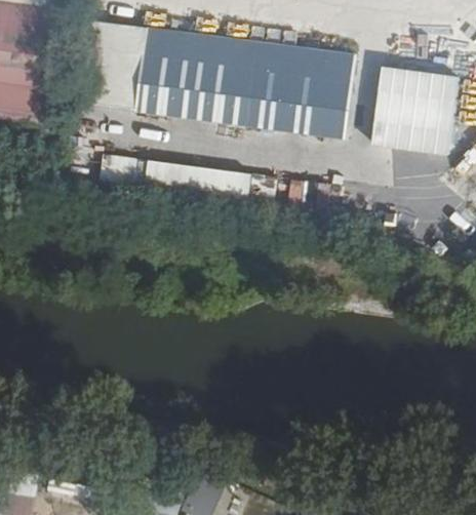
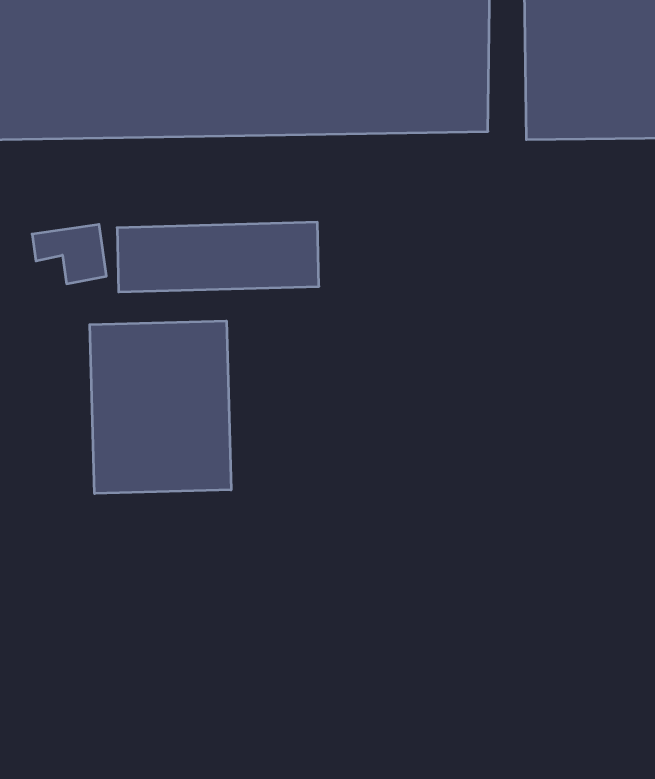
building: none -> [90,321,231,494]

